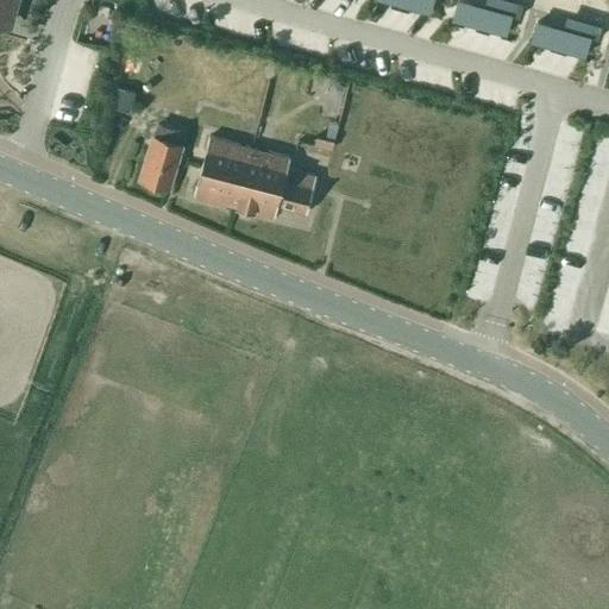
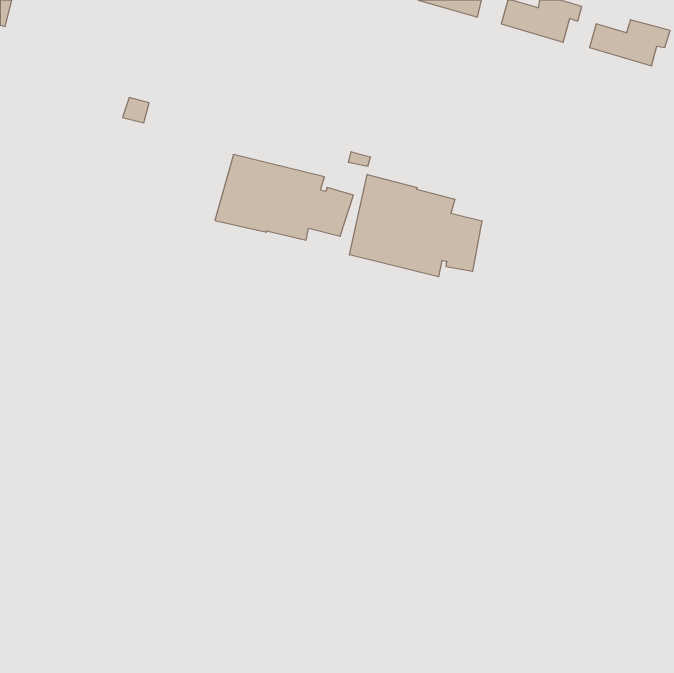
building: [140,124,181,189] -> none
building: none -> [350,174,482,277]

